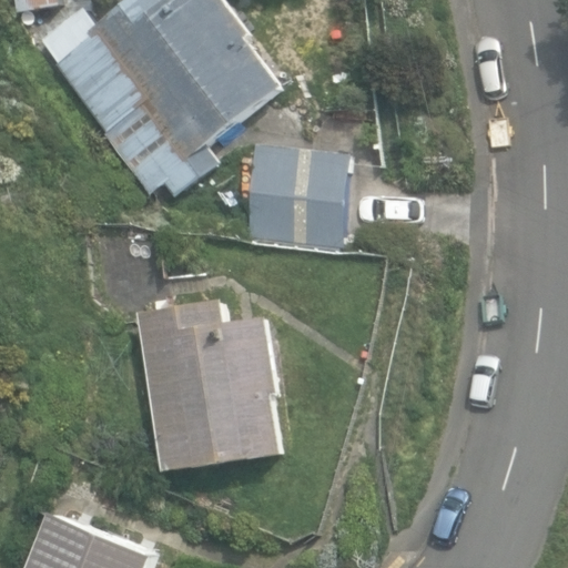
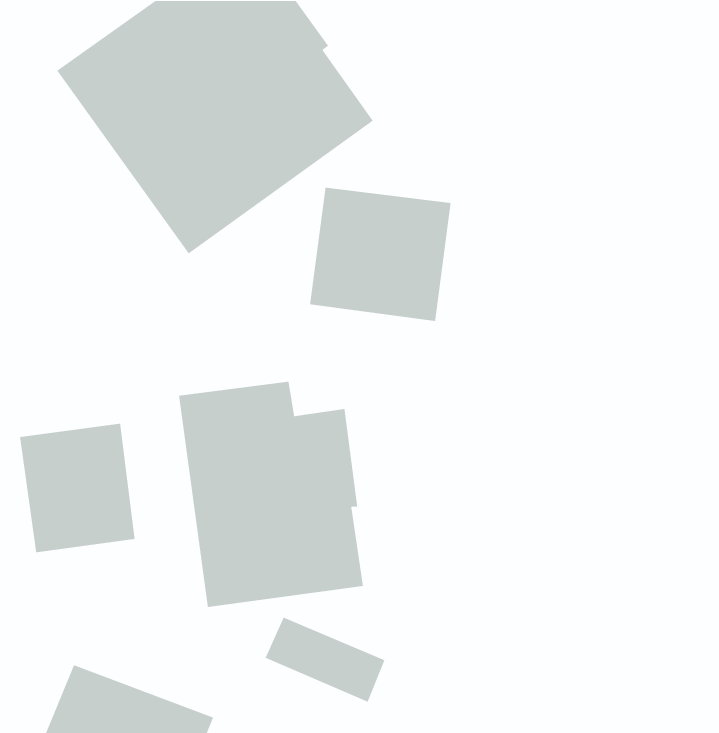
building: none -> [19,423,136,553]

